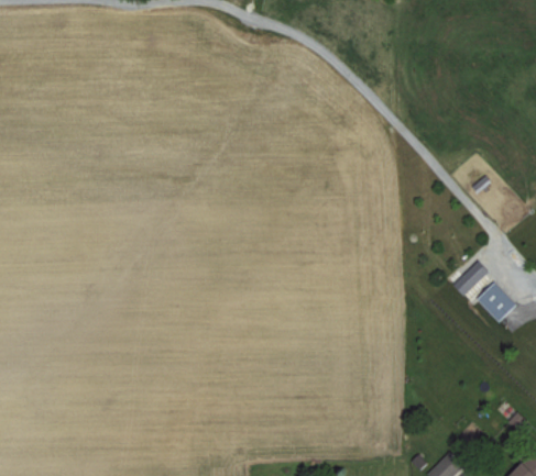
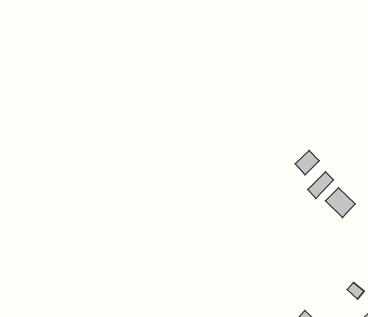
building: none -> [295,151,319,175]

